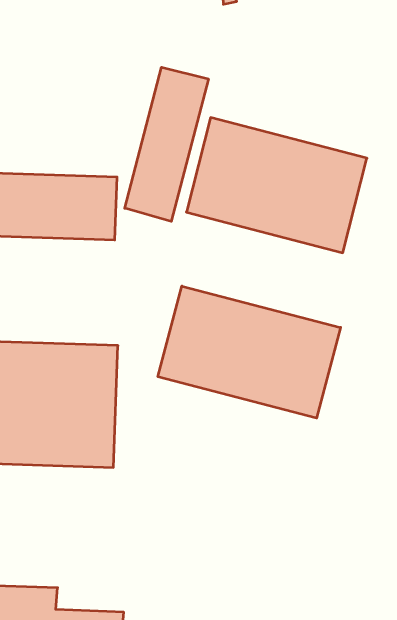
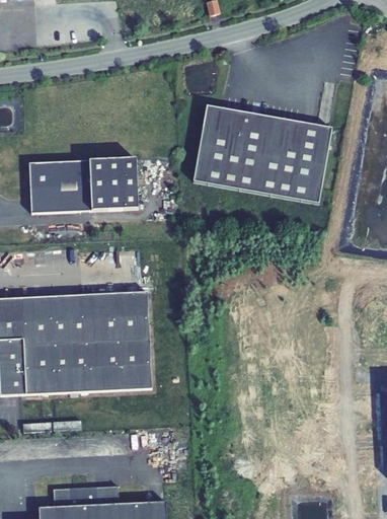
building: [125,67,208,221] -> none
building: [158,286,341,418] -> none

